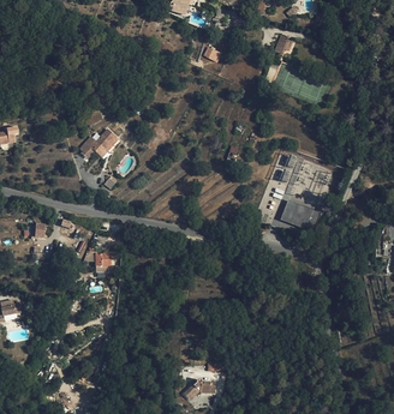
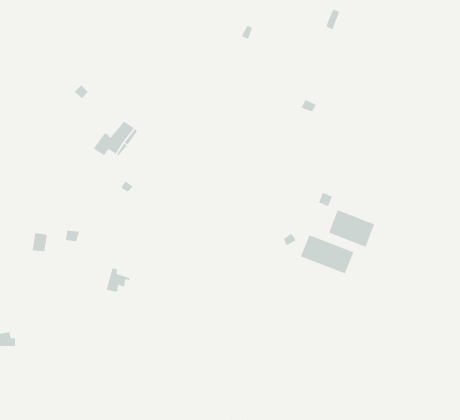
building: none -> [300,235,354,274]

